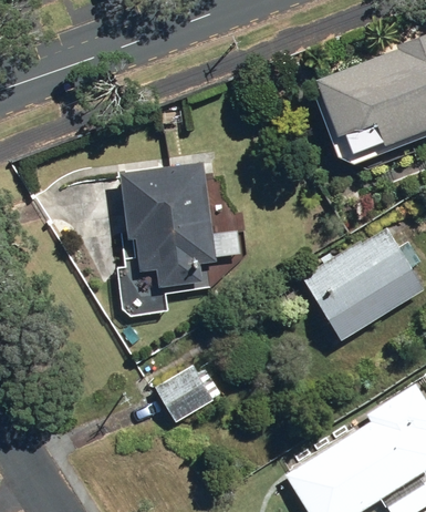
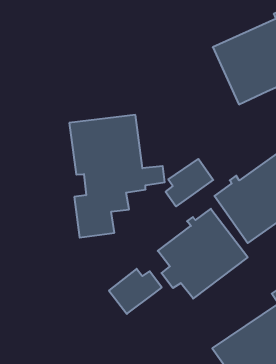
building: none -> [166,159,213,206]
building: none -> [158,209,248,299]

